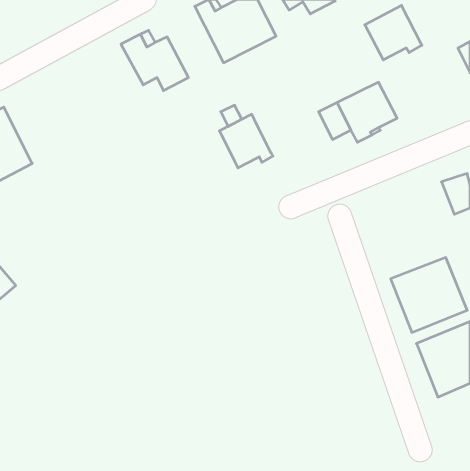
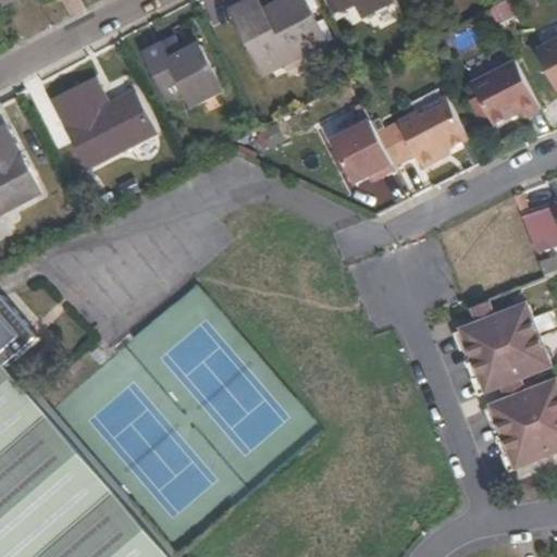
building: [365,5,422,60] -> [472,61,540,125]
building: none -> [51,76,154,168]
building: [219,114,273,168] -> [331,119,394,182]

